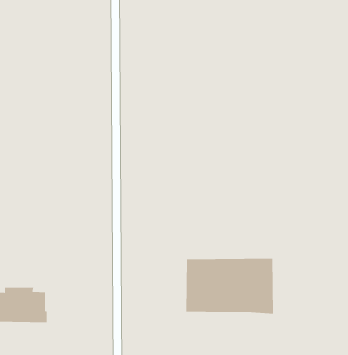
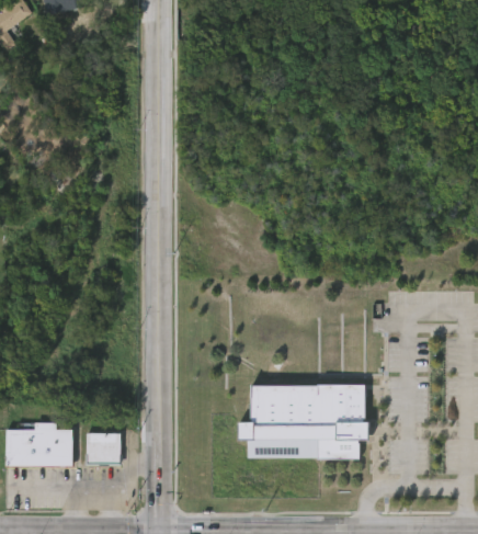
building: none -> [84,433,121,465]

